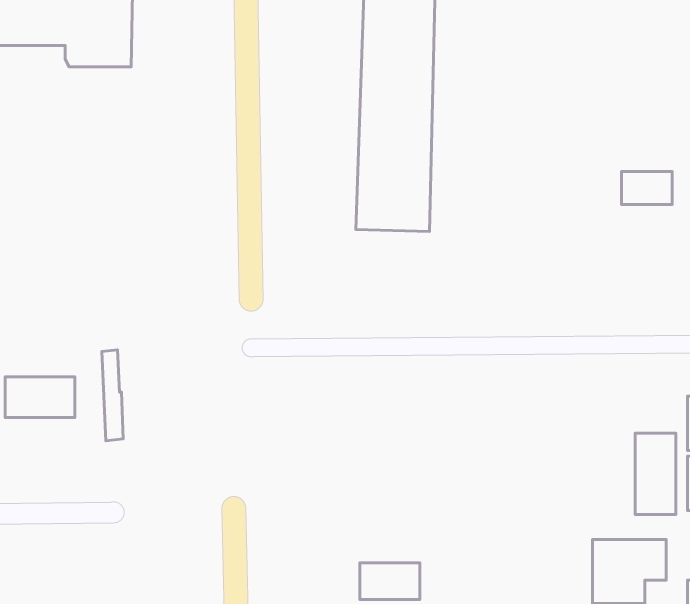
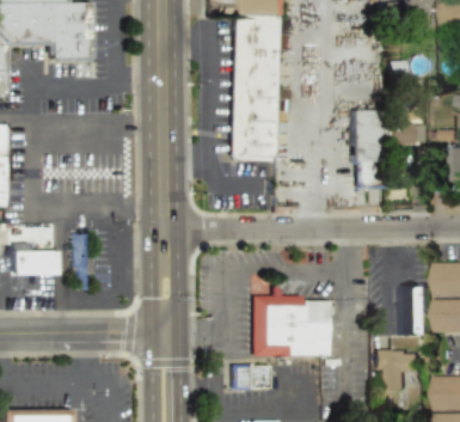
building: none -> [354,109,385,188]
building: none -> [253,294,330,357]

